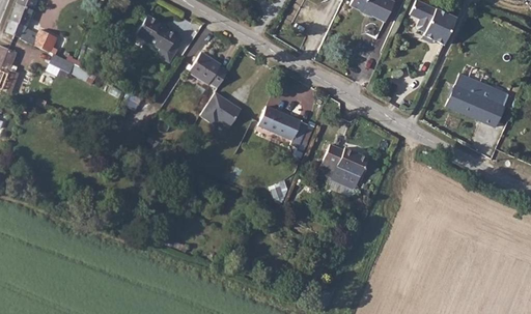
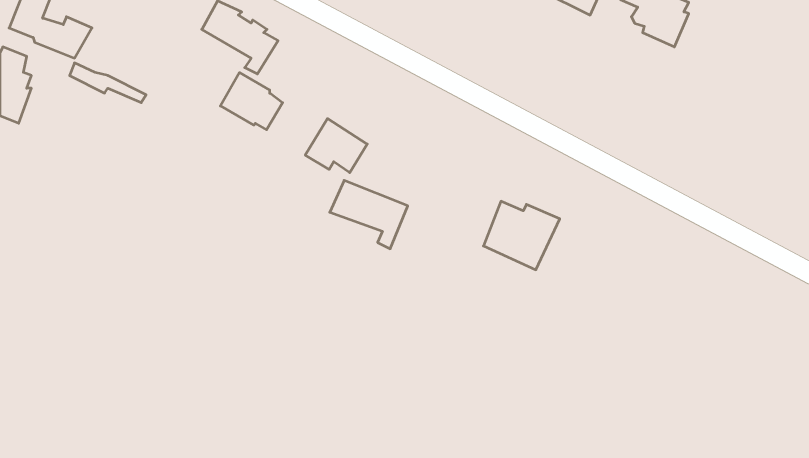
building: [191,47,231,84] -> [220,73,283,130]
building: [446,74,509,127] -> none
building: [258,106,309,150] -> [330,180,408,249]

